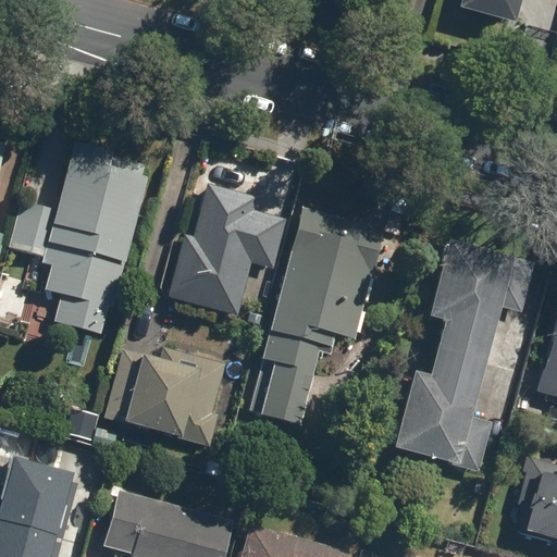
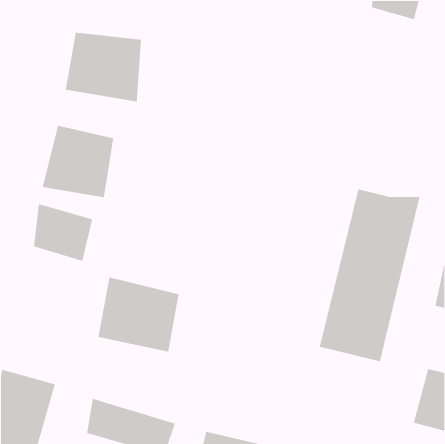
building: none -> [65,32,142,102]
building: [170,184,268,298] -> none
building: [247,184,392,426] -> none

